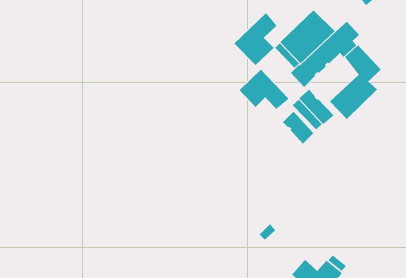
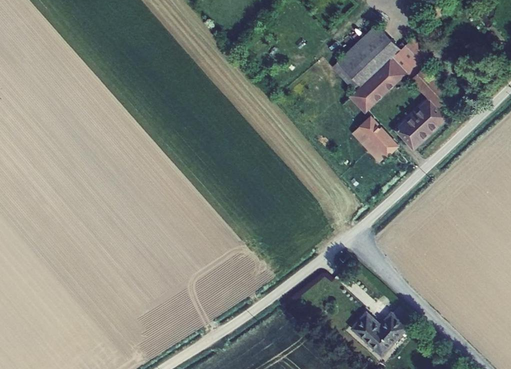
building: [233,13,277,66] -> none
building: [239,69,289,110] -> none
building: [282,111,314,145] -> none

